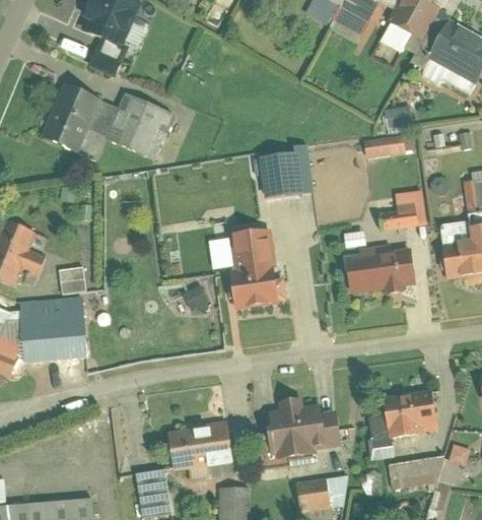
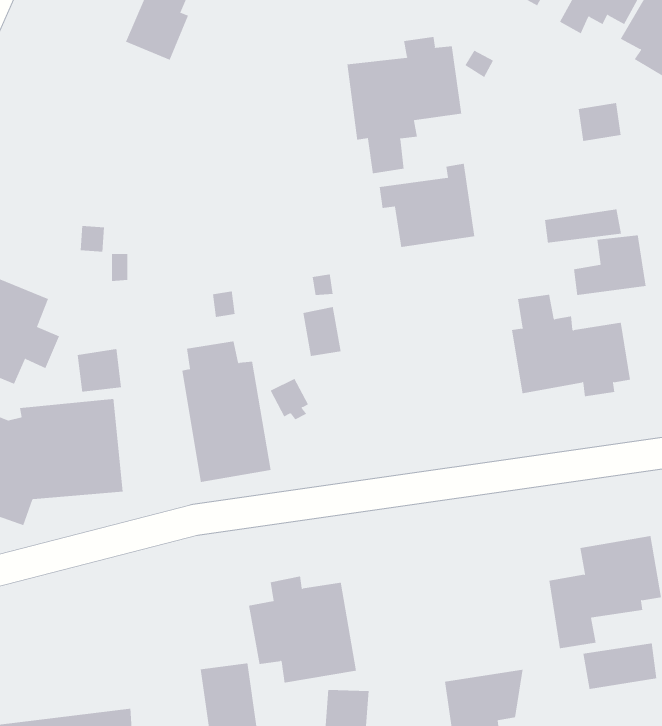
building: none -> [347,36,462,174]
building: [41,81,176,165] -> none
building: [363,133,414,155] -> [544,209,622,243]
building: [226,216,285,309] -> [181,341,272,482]
building: [268,397,346,467] -> none

